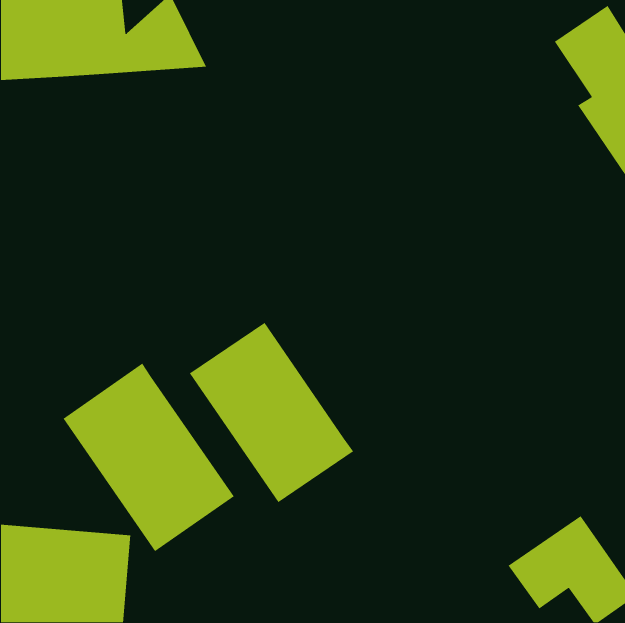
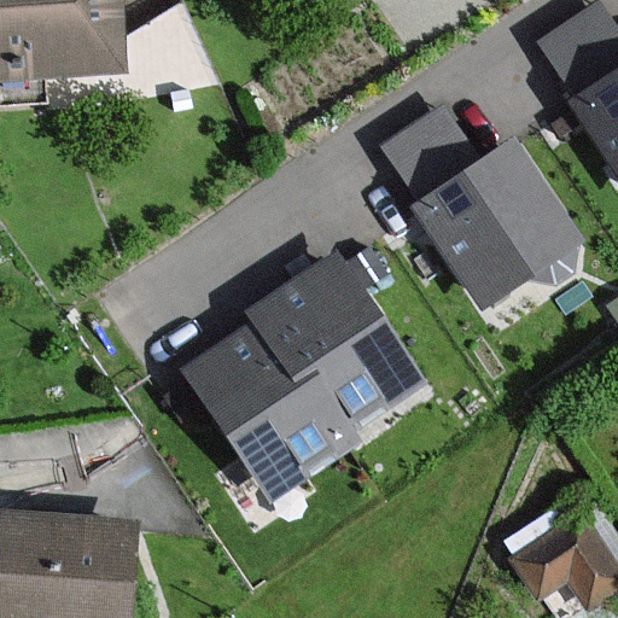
building: none -> [391,110,576,304]
building: none -> [256,257,419,432]
building: [63,363,235,552] -> none

